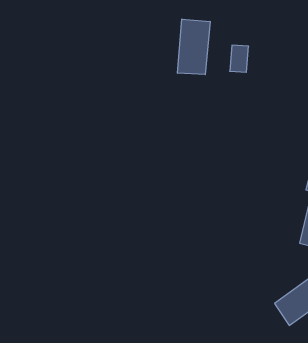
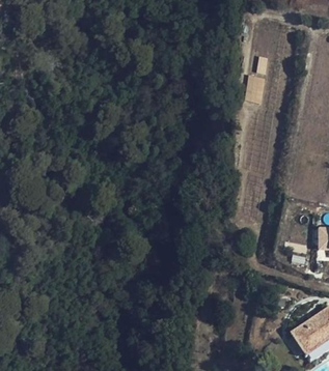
building: [178,19,210,75] -> none

